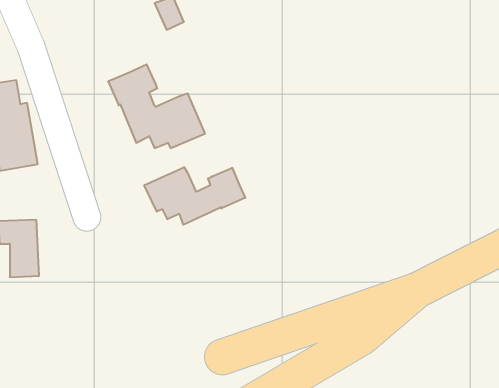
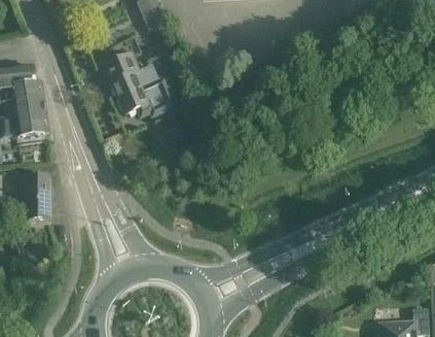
building: [144,167,245,225] -> none

